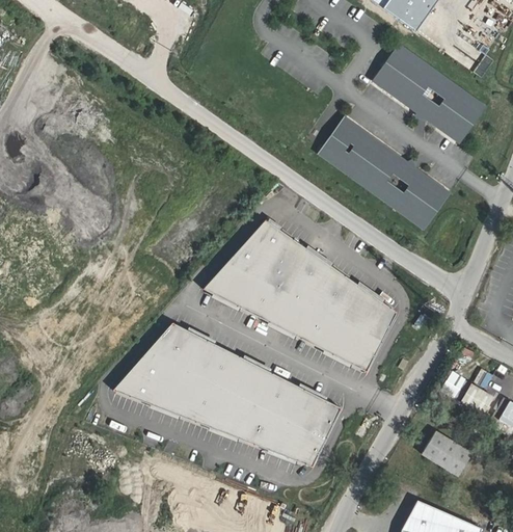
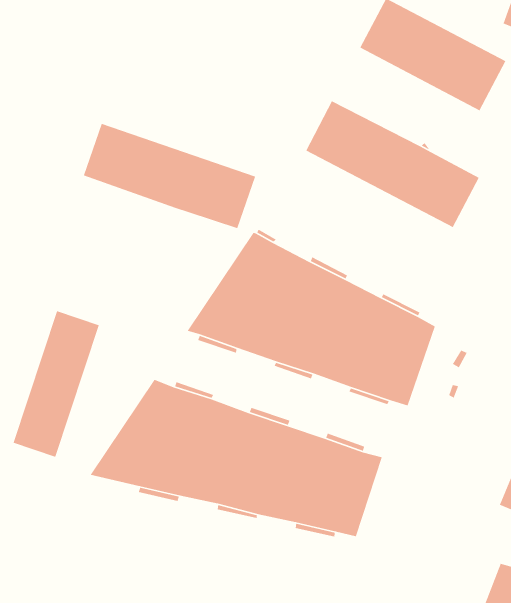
building: none -> [83,123,256,229]
building: none -> [12,310,100,458]

